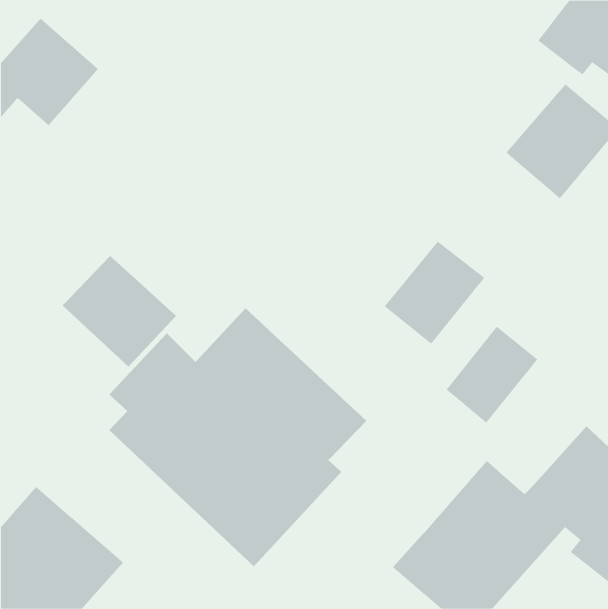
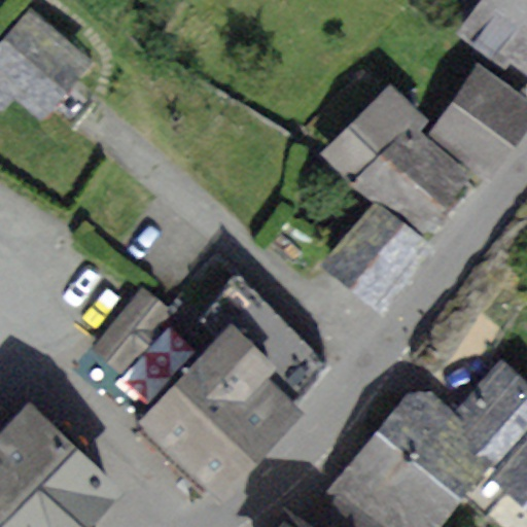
building: none -> [340,94,464,227]
building: [62,255,177,367] -> none
building: [446,326,538,424] -> none

